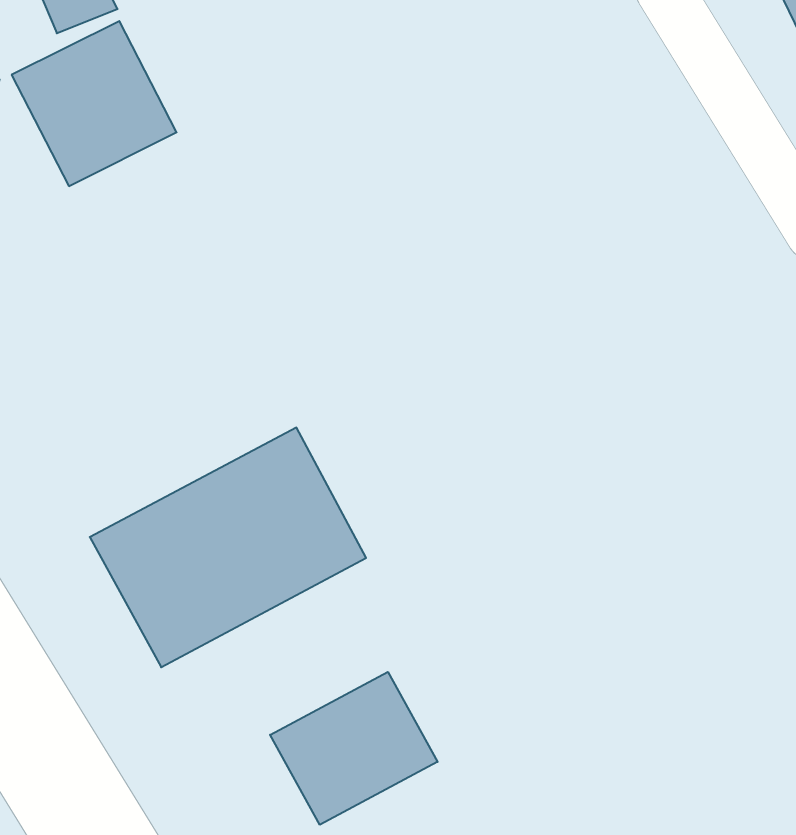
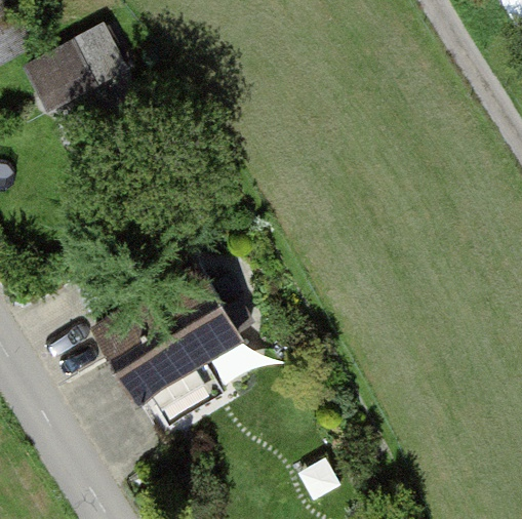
building: [270,672,438,825] -> none

